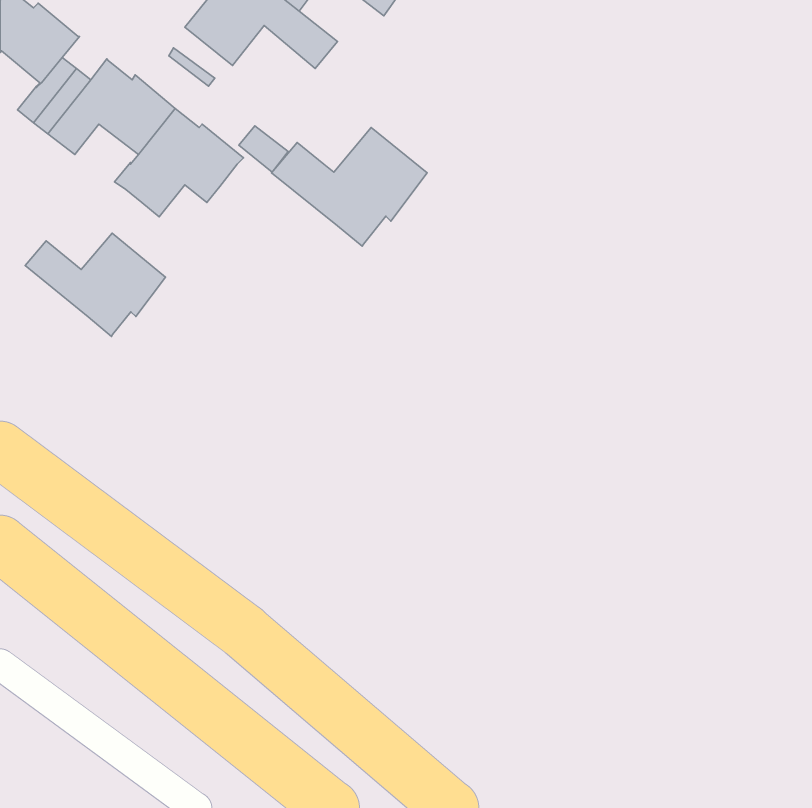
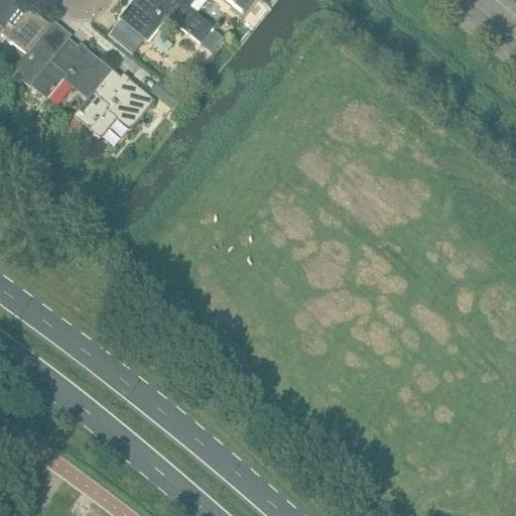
building: [272,127,427,246] -> none
building: [25,233,166,336] -> none

